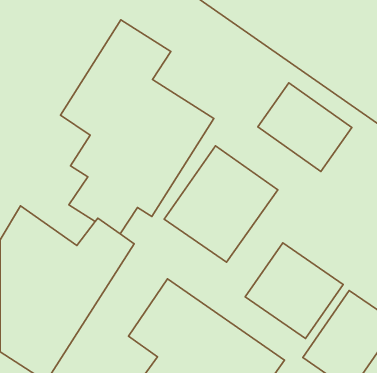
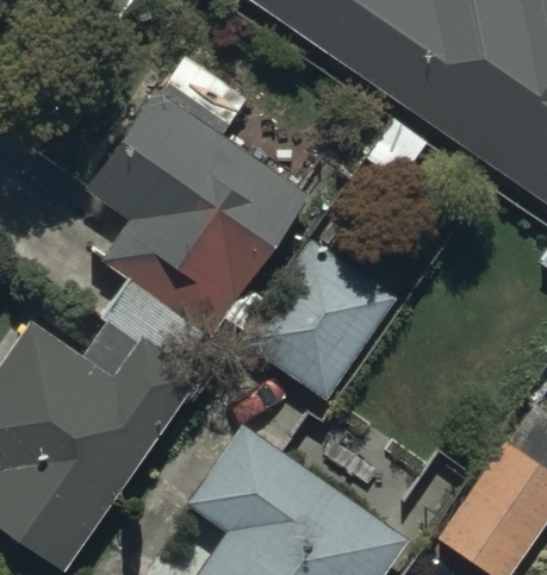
building: [258,83,352,171] -> none
building: [245,243,343,339] -> none

